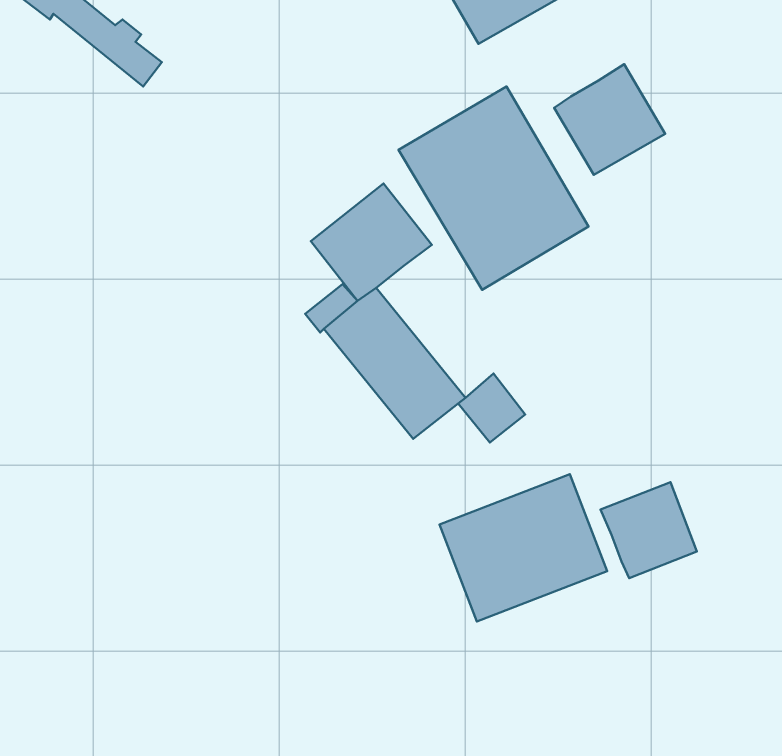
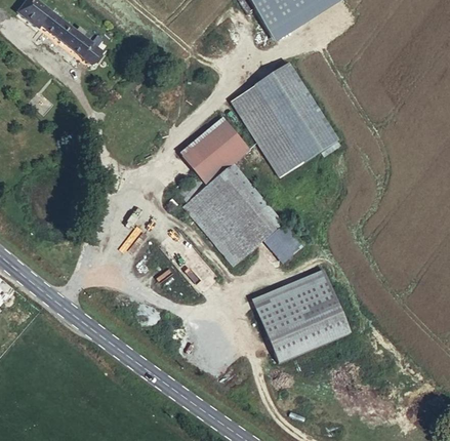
building: [554,64,665,175] -> none
building: none -> [218,164,283,237]
building: [600,482,697,578] -> none

